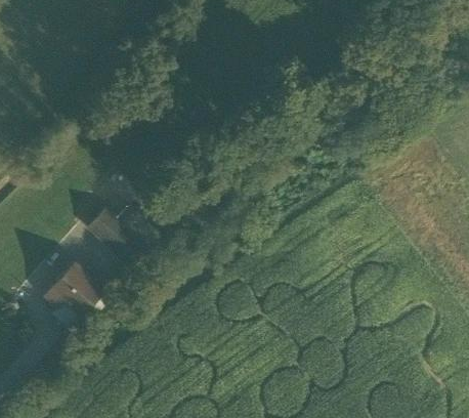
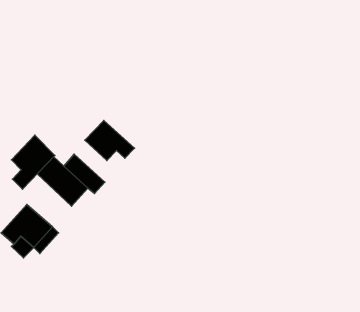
building: none -> [85,120,134,160]
building: none -> [11,135,55,189]

